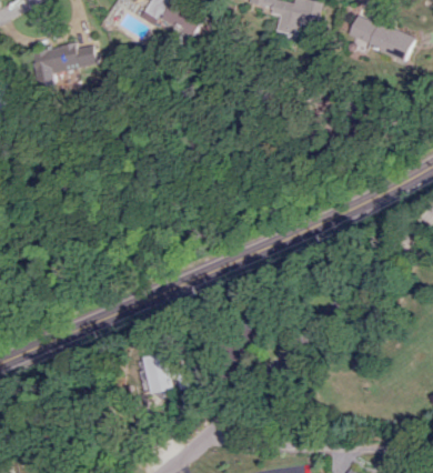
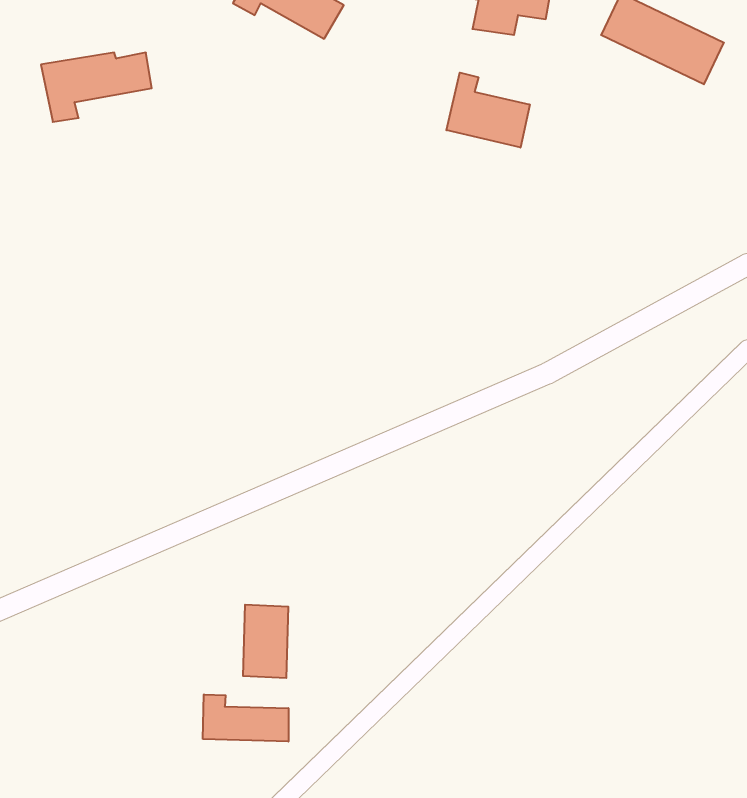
building: none -> [446,73,530,148]
building: none -> [203,694,288,742]

